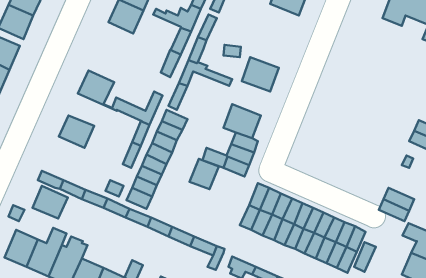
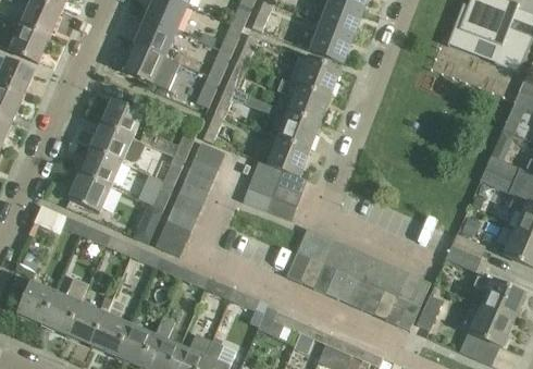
building: none -> [310,23,352,63]
building: none -> [123,44,178,89]
building: none -> [297,57,340,96]
building: none -> [276,111,320,150]
building: none -> [89,125,145,162]
building: [189,159,219,189] -> [247,161,281,196]
building: [32,186,68,218] -> [67,174,108,211]

